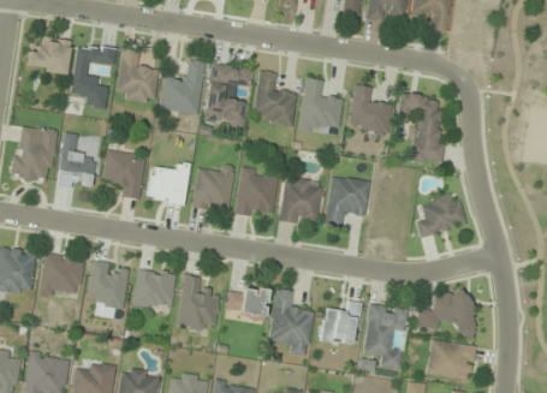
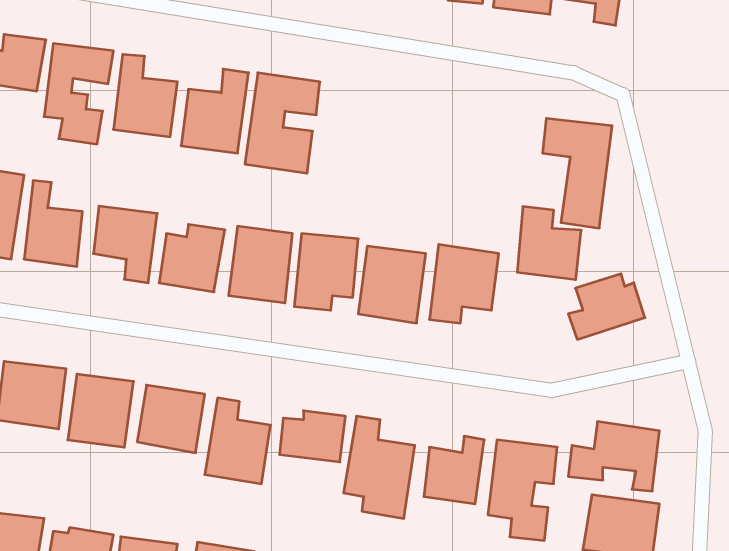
building: [252,71,297,127] -> none
building: [299,78,343,133] -> none
building: [350,85,392,133] -> [517,207,581,280]

